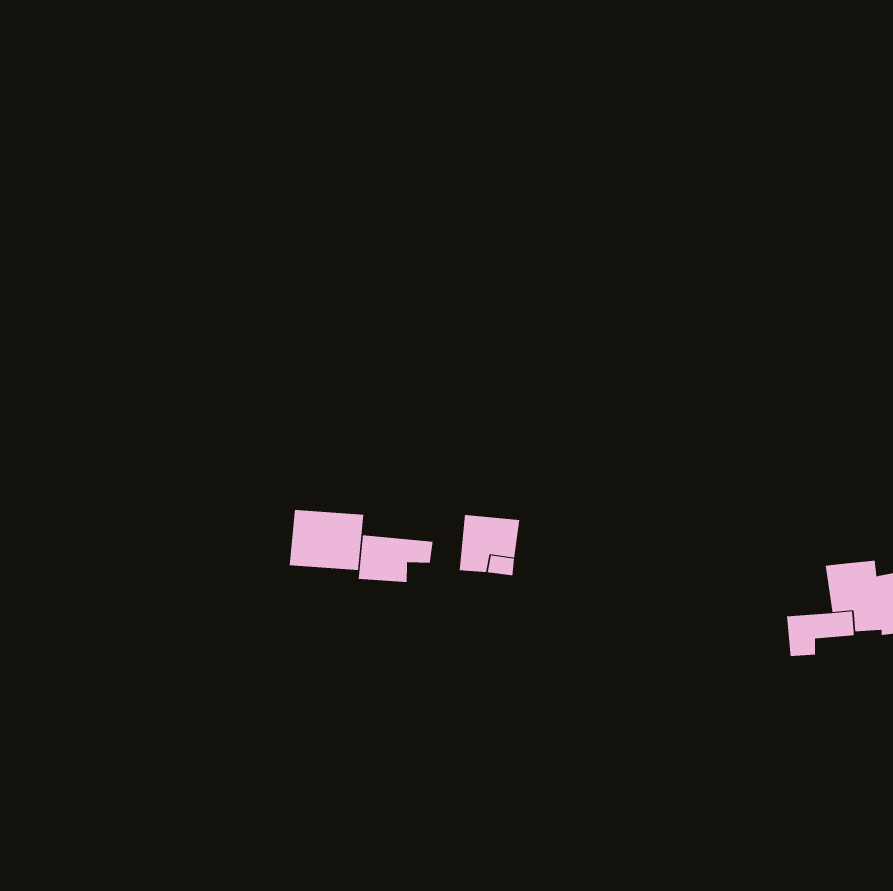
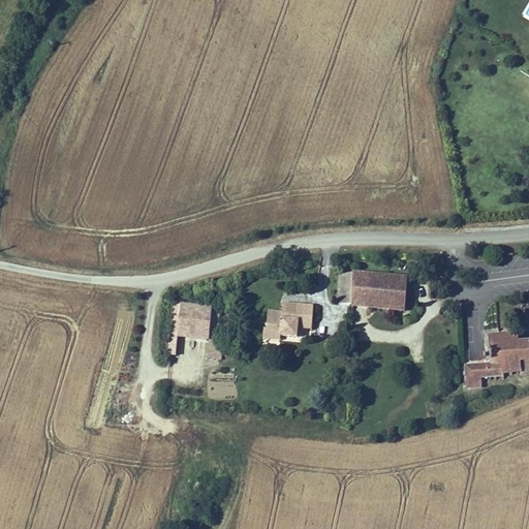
building: none -> [346,270,404,308]
building: [358,534,433,583] -> none

